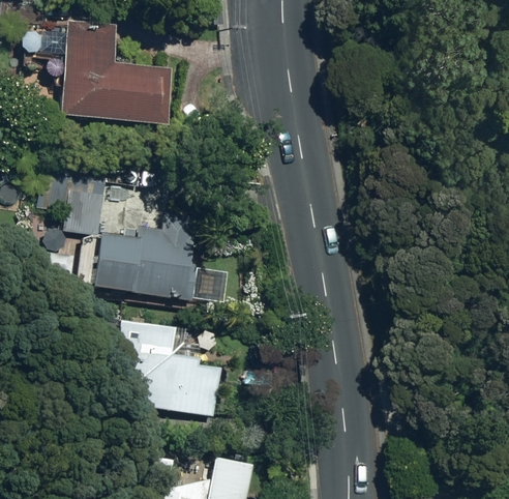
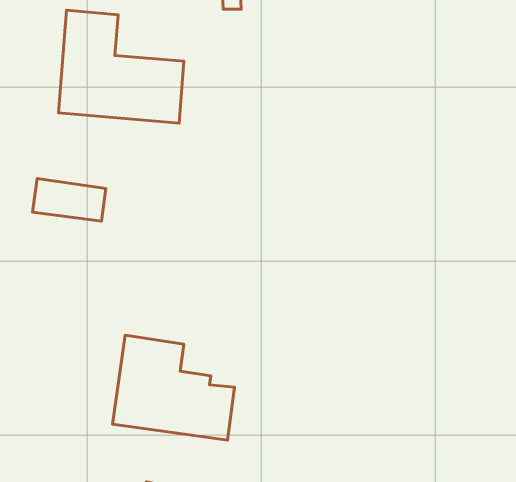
building: [93,211,199,299] -> none

